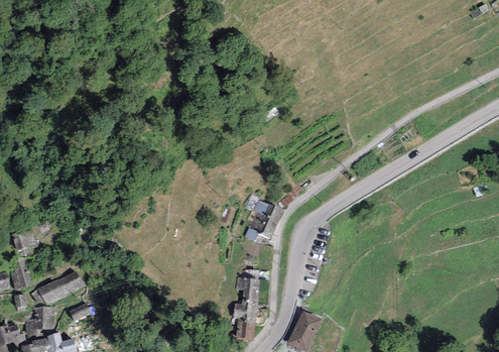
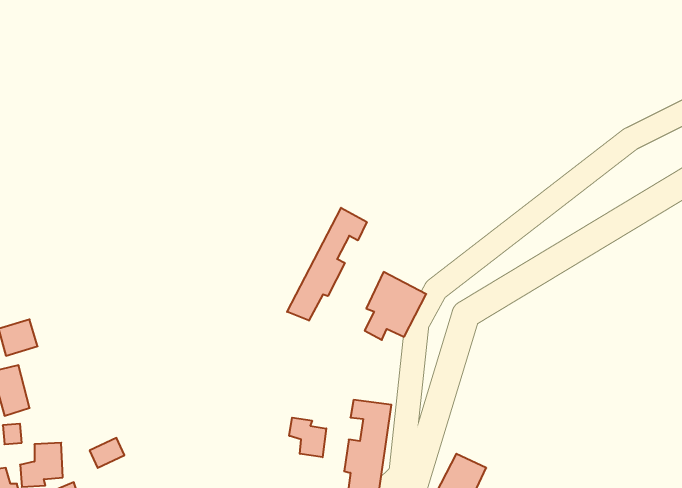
building: none -> [287,208,367,321]
building: [37,271,84,304] -> none
building: none -> [289,418,326,457]

